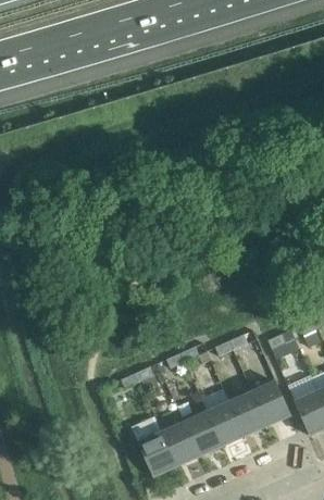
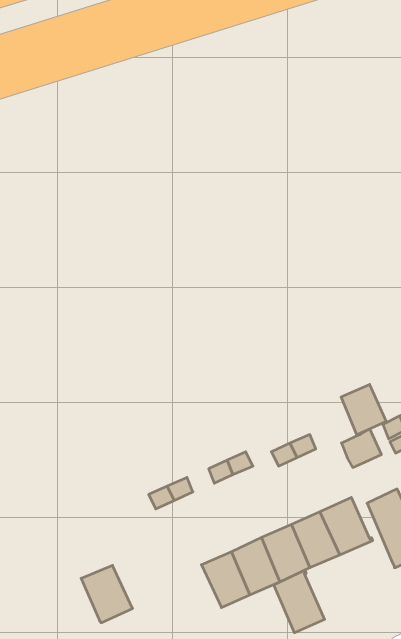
building: none -> [341,384,386,435]
building: [138,432,177,475] -> [81,565,133,623]
building: none -> [274,570,325,633]

